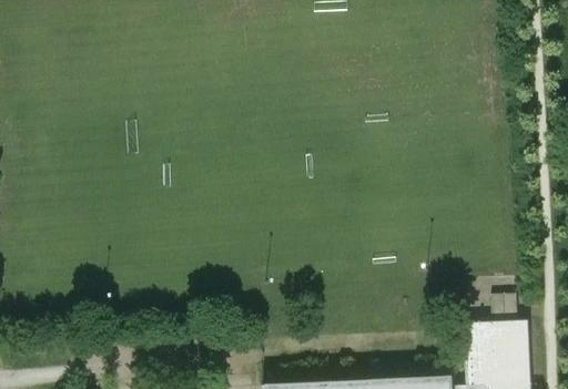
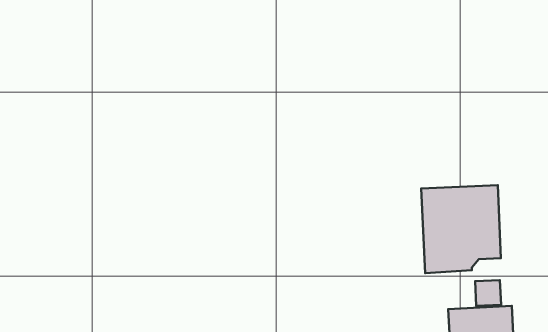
building: none -> [421,185,501,273]

